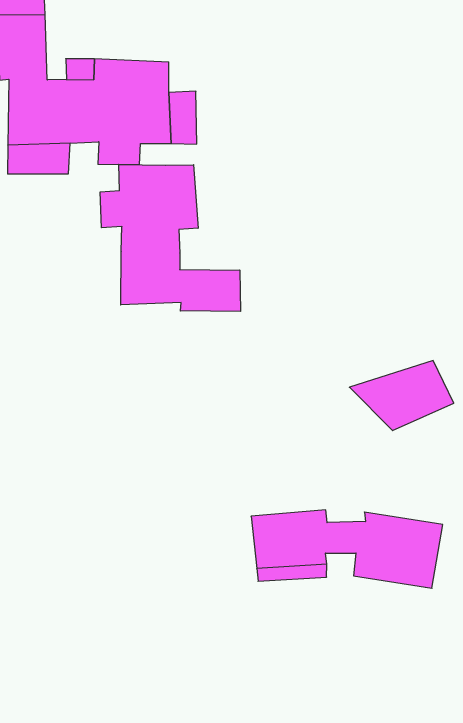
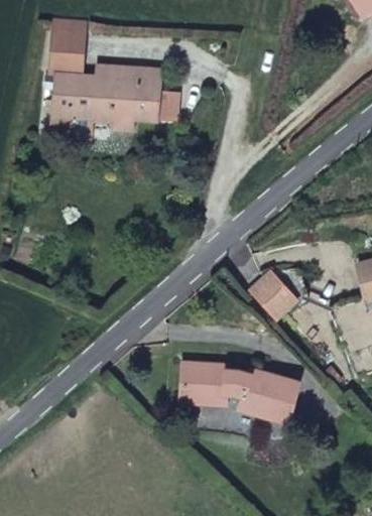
building: [100,164,240,311] -> none

